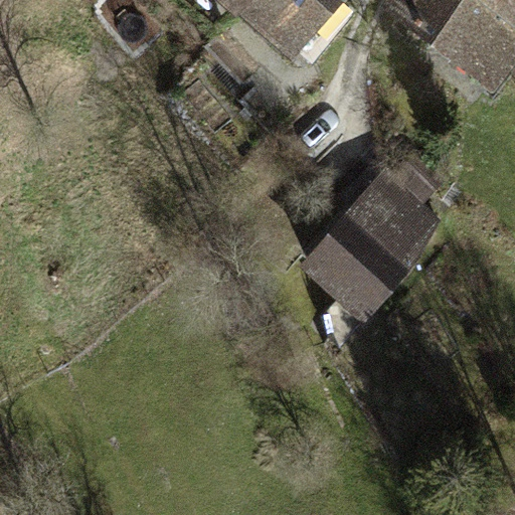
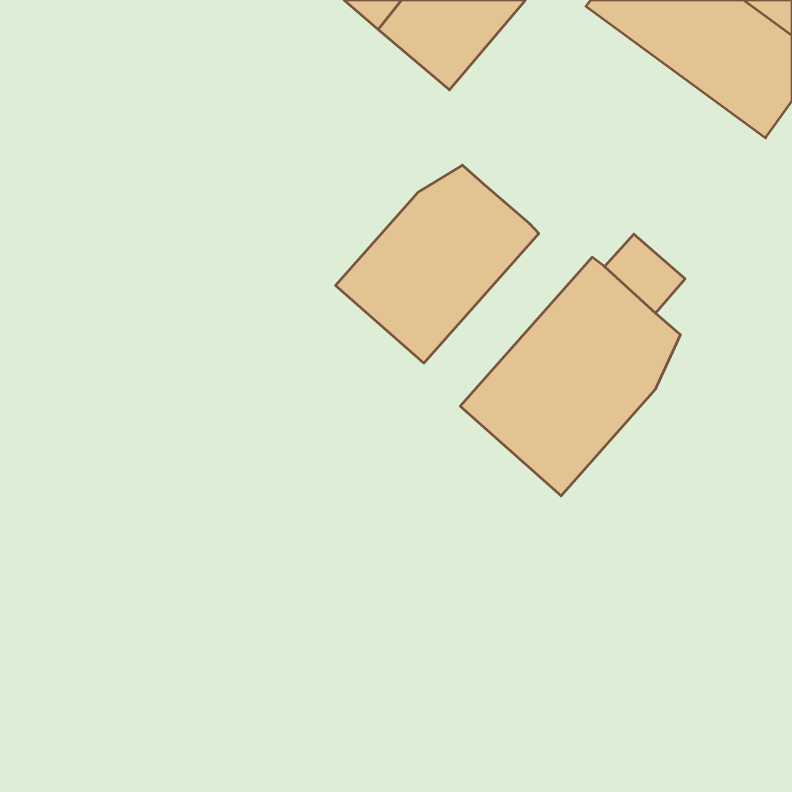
building: none -> [336,165,539,363]

